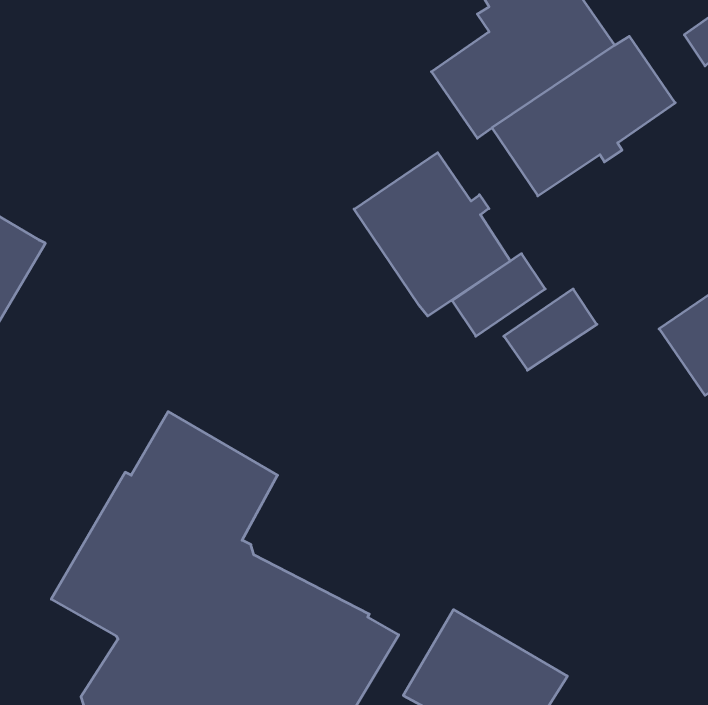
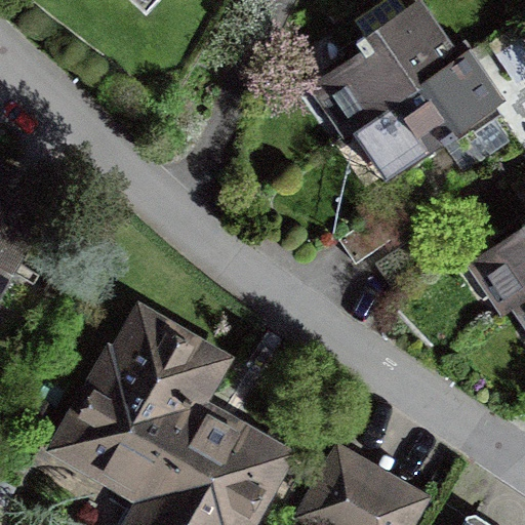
building: [354,153,510,316] -> none

